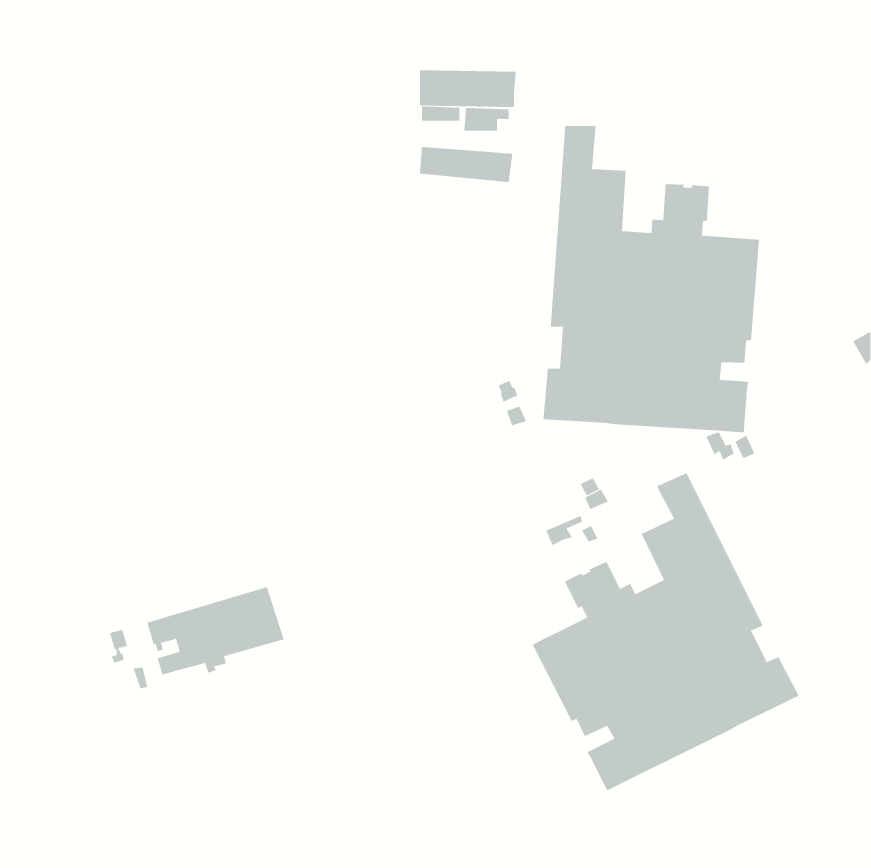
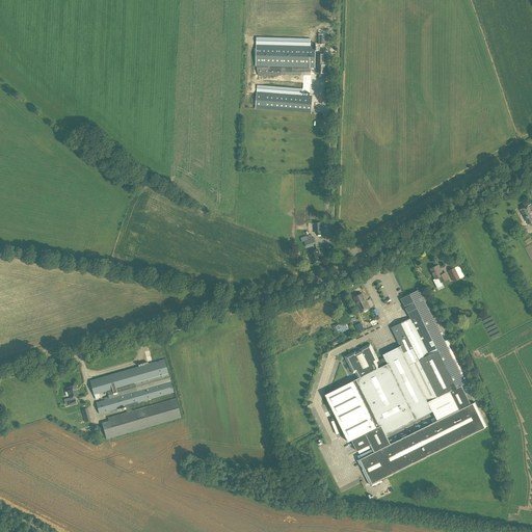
building: [543,125,760,433] -> none
building: none -> [102,396,181,437]

